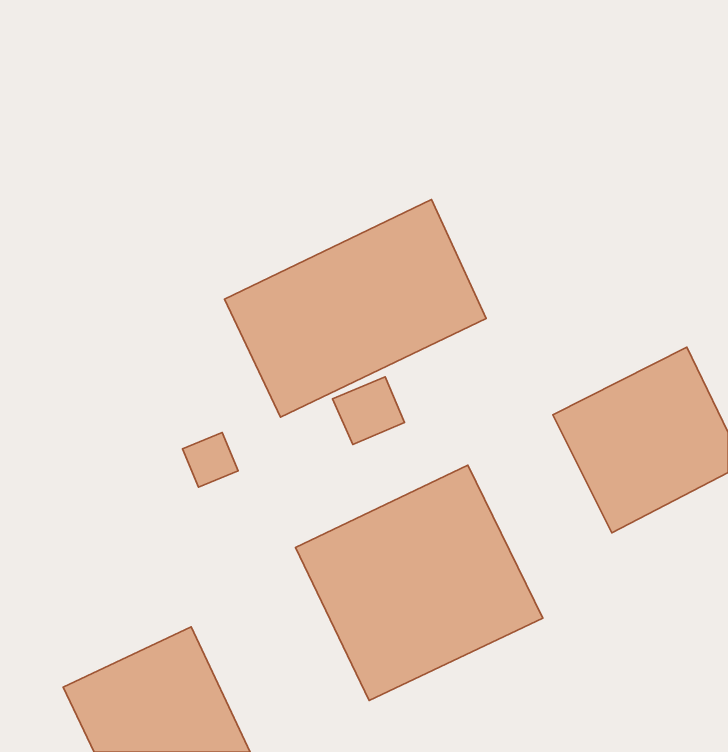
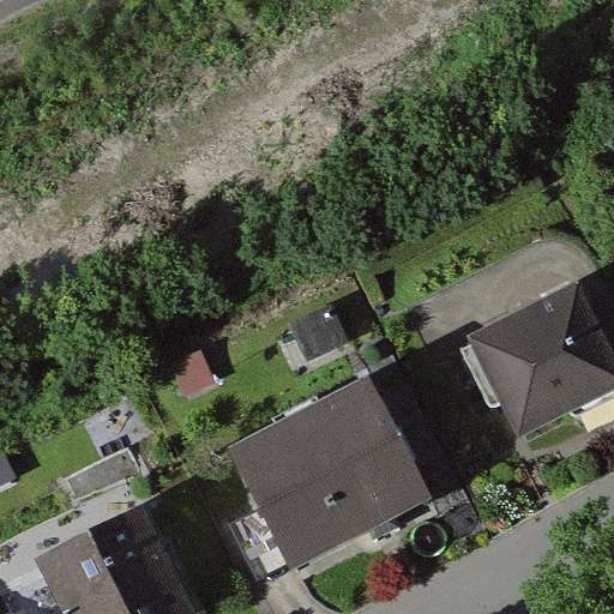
building: [224,199,486,417] -> none

